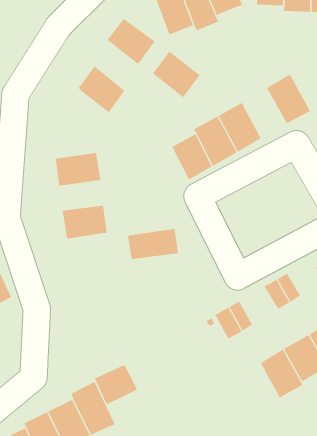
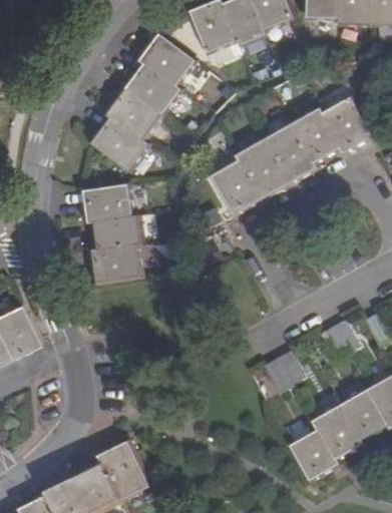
building: [152,51,200,98] -> [126,61,180,114]
building: none -> [293,111,341,164]
building: none -> [93,114,149,167]
building: [127,228,179,260] -> [86,213,144,248]
building: [94,364,138,405] -> none
building: none -> [290,427,338,480]

